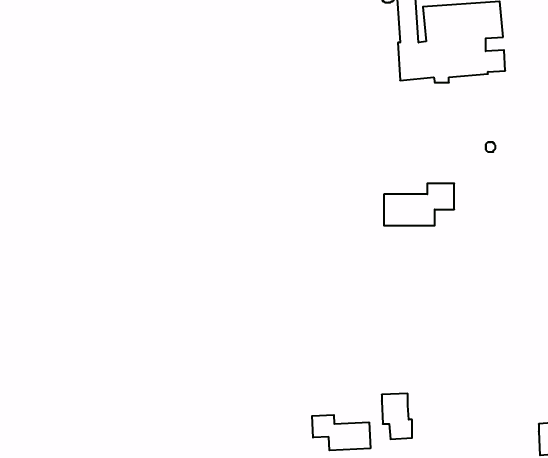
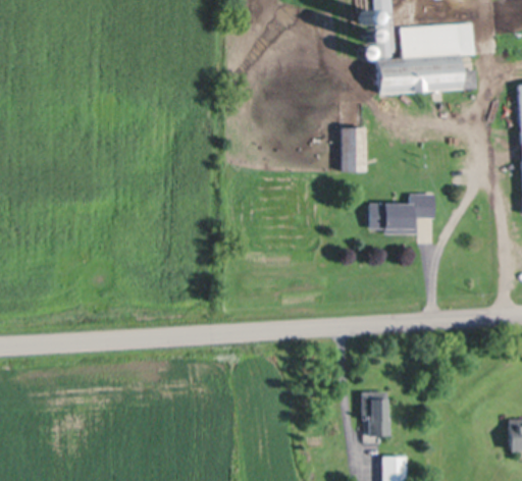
building: none -> [342,127,366,171]
building: [312,415,370,450] -> none

